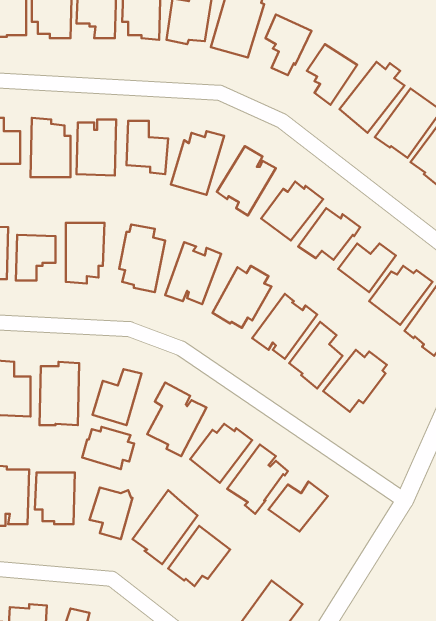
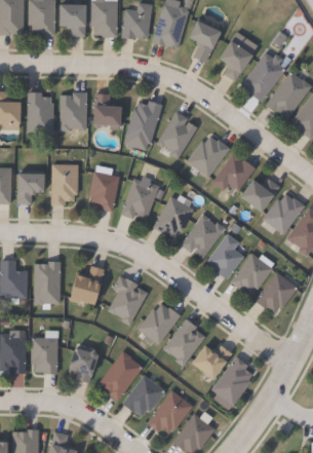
building: none -> [256,272,298,313]
building: [82,427,134,469] -> none
building: none -> [211,356,251,410]
building: none -> [147,390,193,433]

